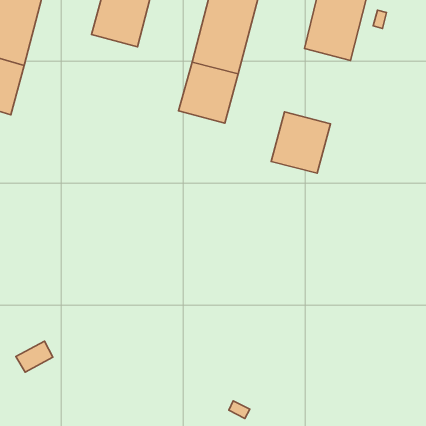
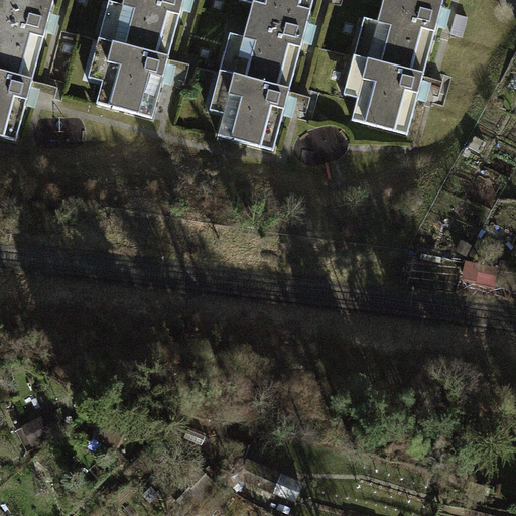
building: none -> [95,41,165,116]
building: [271,112,331,173] -> [350,58,421,132]

